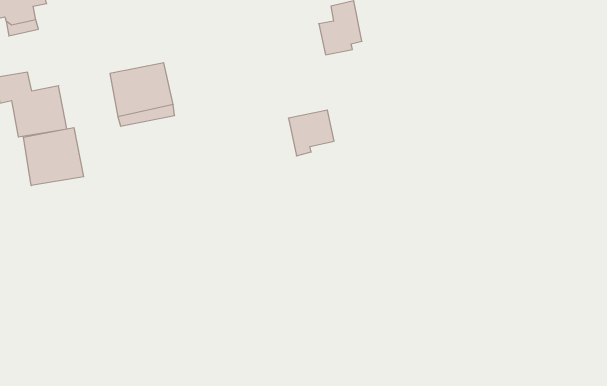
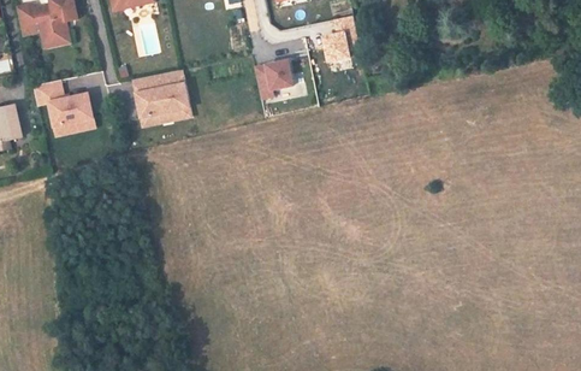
building: [288,110,334,156] -> [253,58,294,99]
building: [23,128,83,186] -> none

